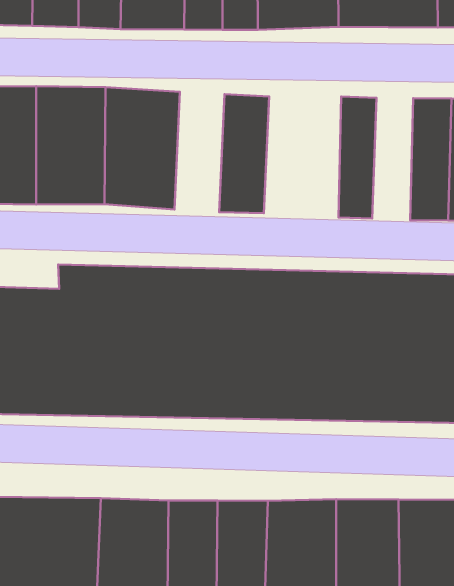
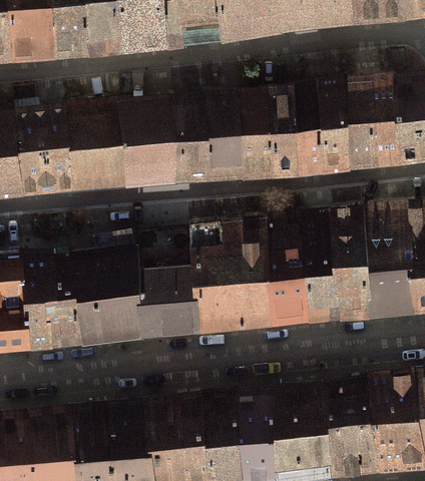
building: none -> [171,94,210,183]
building: none -> [238,86,299,178]
building: none -> [317,81,352,173]

